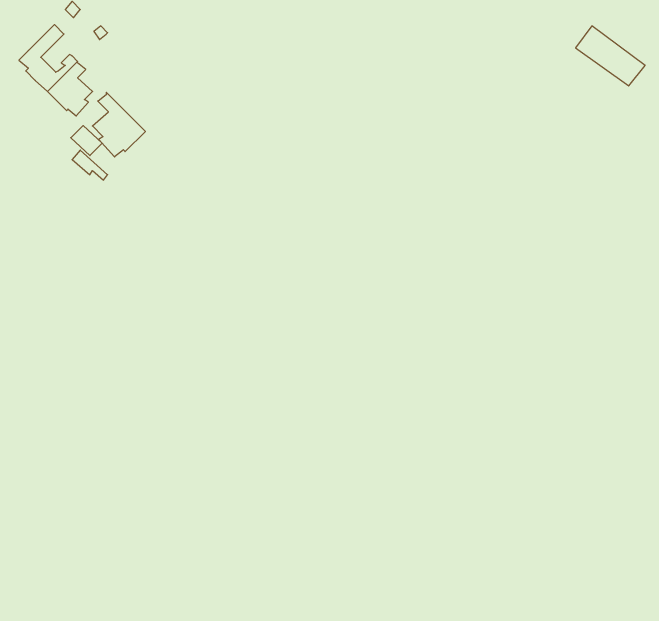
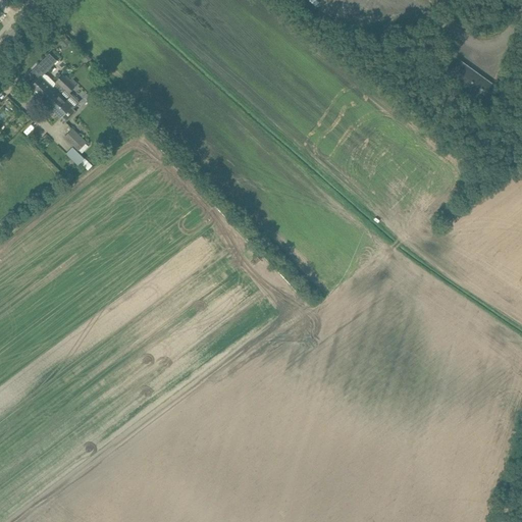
building: [92,92,145,157] -> none

